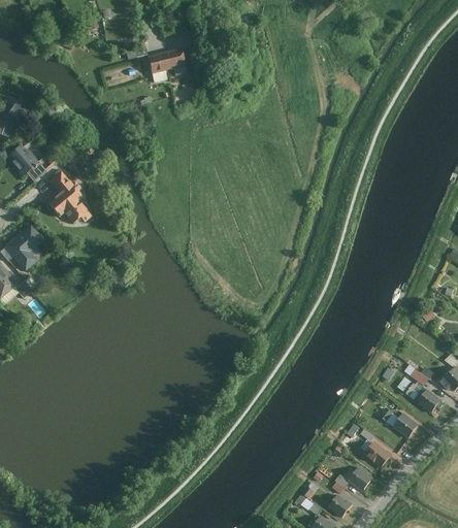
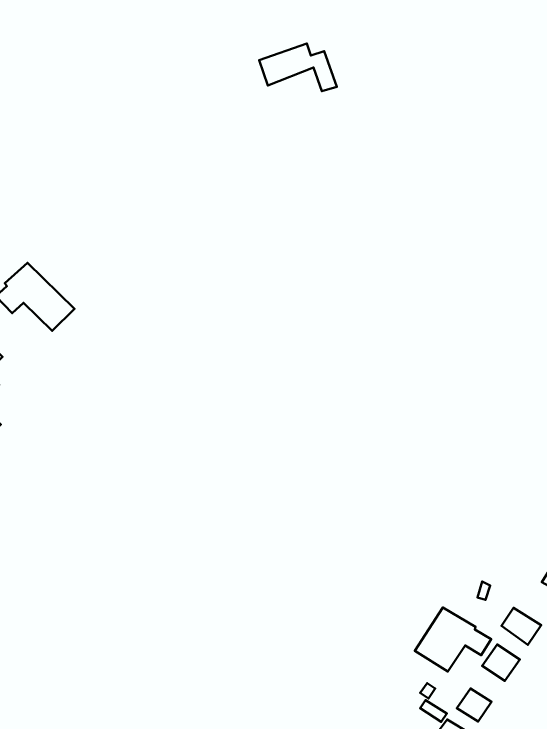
building: [146,47,197,80] -> [259,44,337,91]
building: none -> [415,607,491,672]

